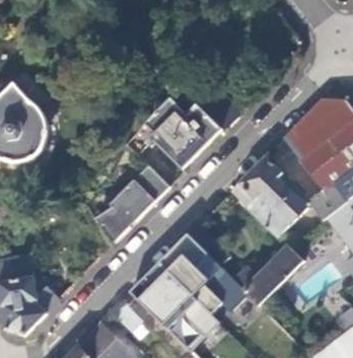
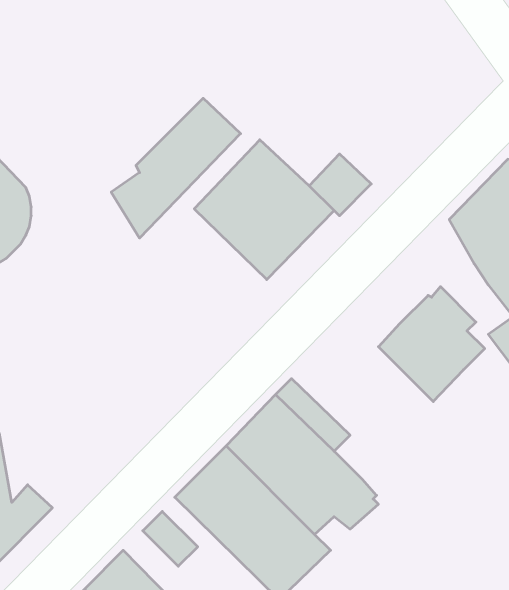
building: [229,155,281,206] -> none
building: [95,164,169,244] -> [111,98,241,238]
building: [236,245,301,303] -> none

